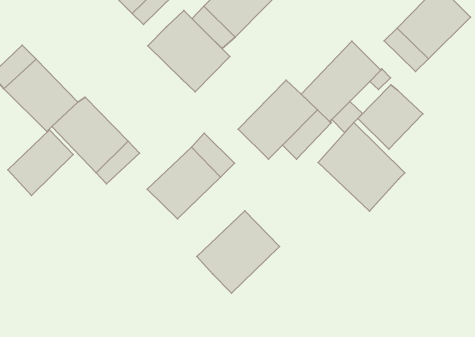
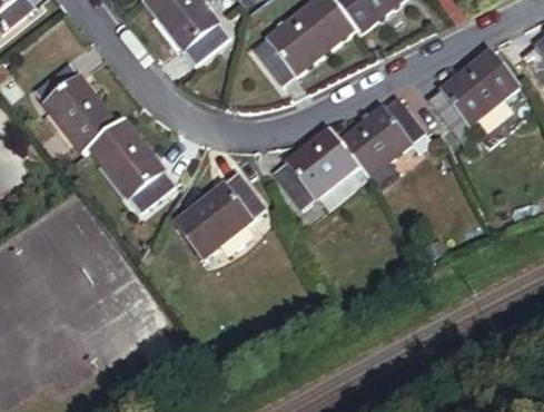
building: [148,10,230,92] -> none
building: [358,85,423,149] -> none
building: [318,123,405,211] -> none
building: [8,130,73,196] -> none
building: [197,211,279,293] -> none

